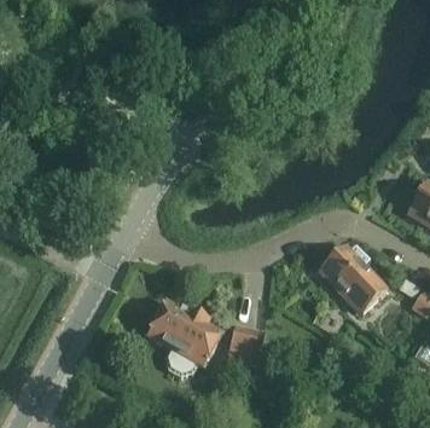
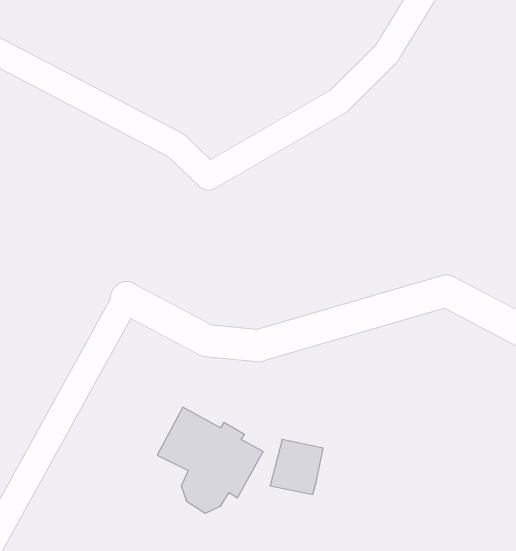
building: [320,245,384,312] -> none

